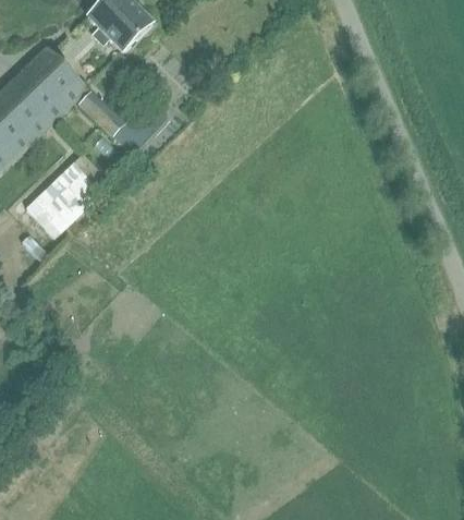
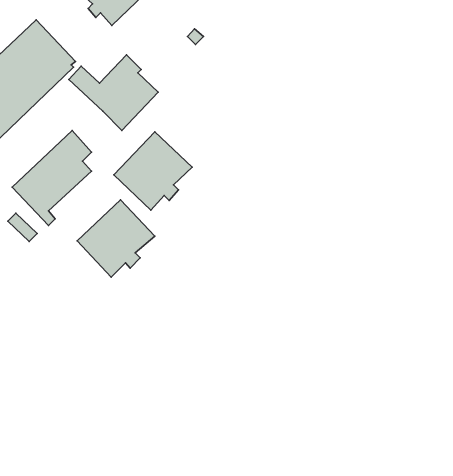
building: none -> [114,132,192,210]
building: none -> [77,200,155,277]

